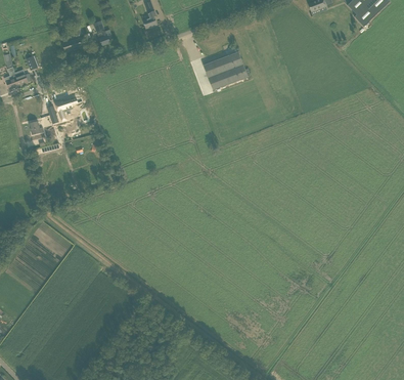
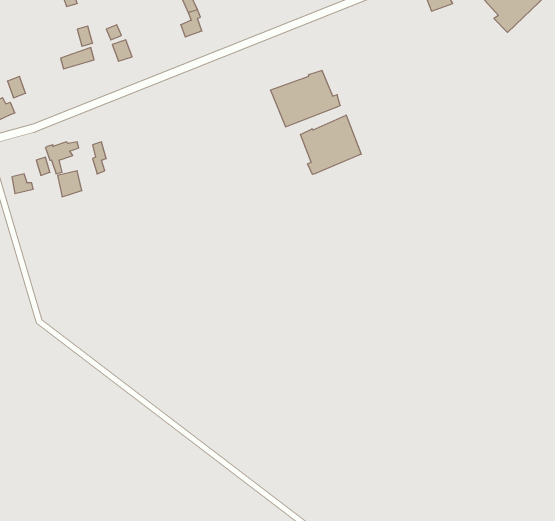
building: none -> [300,115,361,174]

